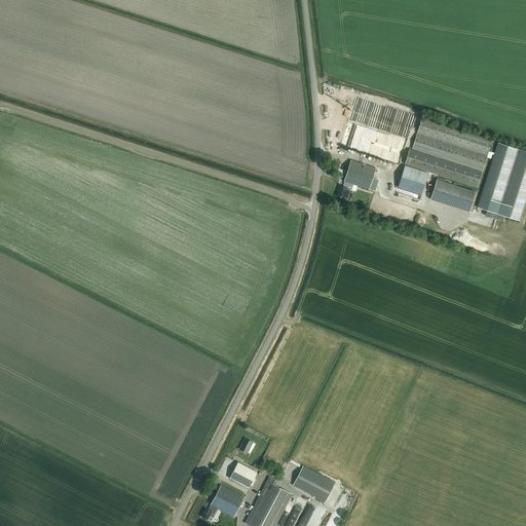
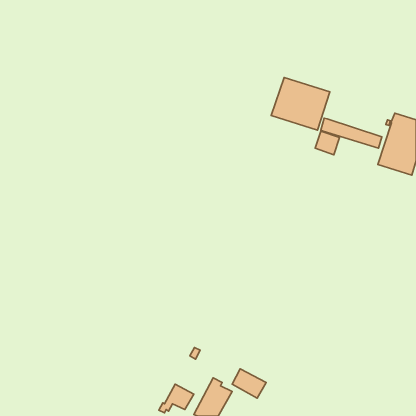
building: [412,118,492,172] -> none
building: [336,160,376,198] -> none
building: [429,182,476,214] -> none
building: [229,461,258,488] -> none

